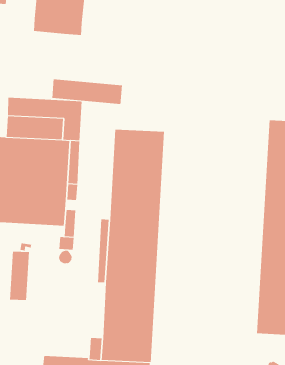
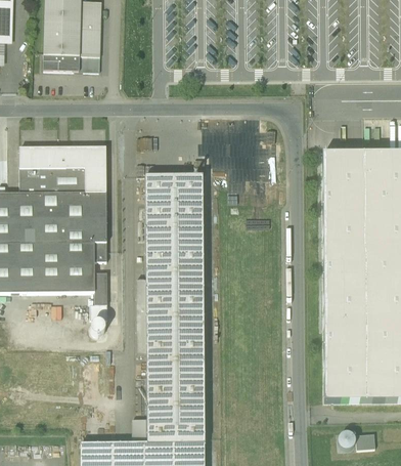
building: [52,78,122,105] -> none
building: [9,251,29,301] -> none

